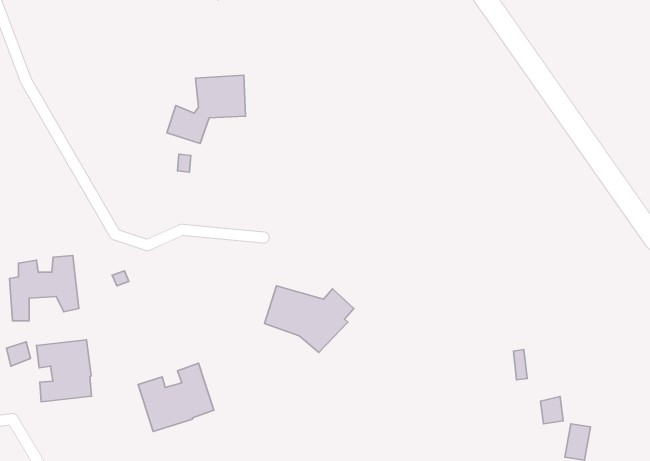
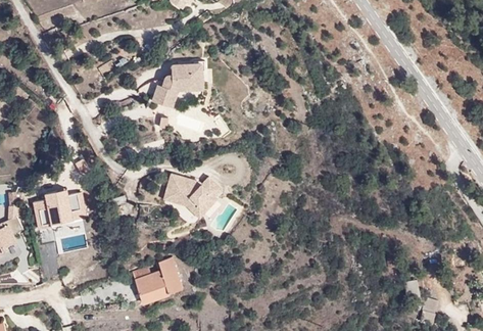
building: [264,286,354,352] -> [161,174,222,219]
building: [36,340,91,402] -> none

